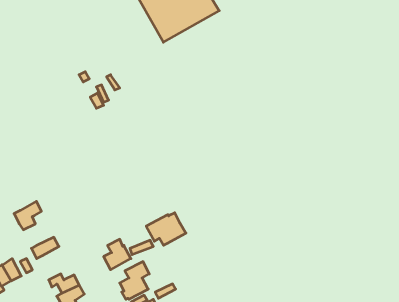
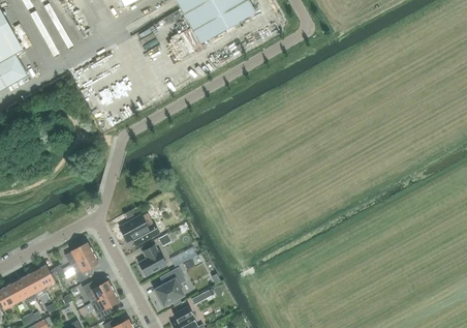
building: [14,201,41,230] -> [70,252,98,281]
building: [146,213,186,245] -> [119,213,159,246]

